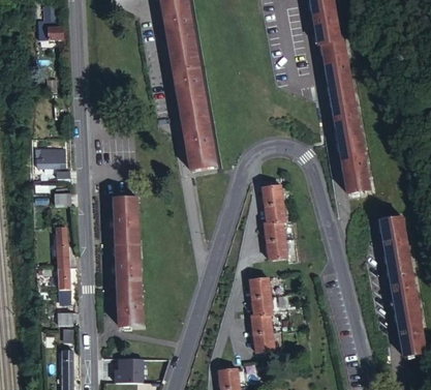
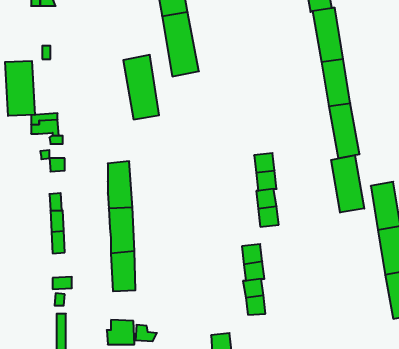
building: none -> [5,61,35,116]
building: [180,104,216,170] -> [123,55,159,119]
building: none -> [331,155,364,213]

